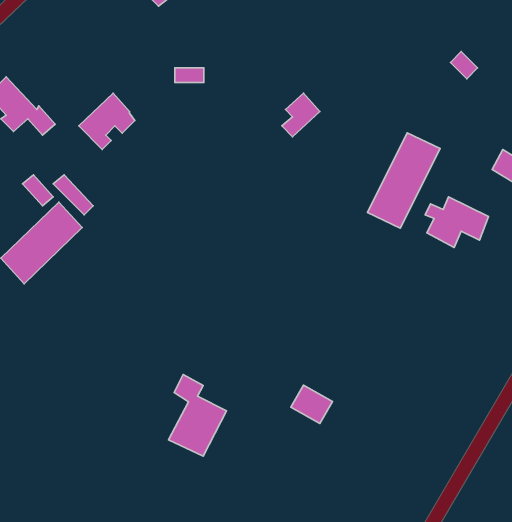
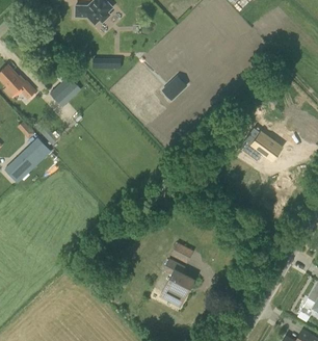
building: [367,133,440,228] -> none
building: [169,375,227,456] -> [161,258,194,305]

